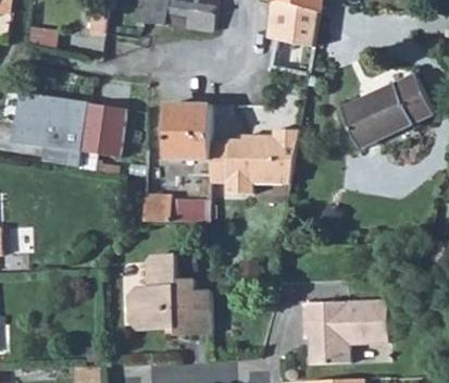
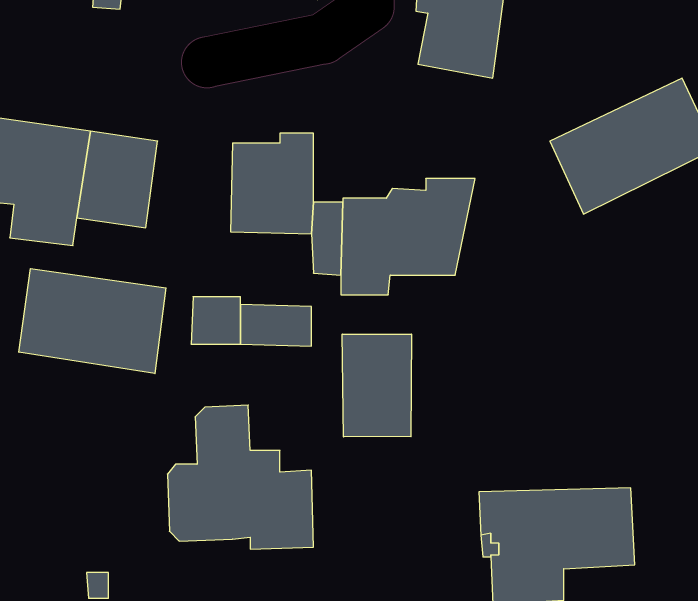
building: none -> [19,269,166,374]
building: none -> [342,334,411,437]

